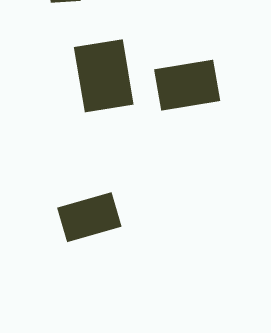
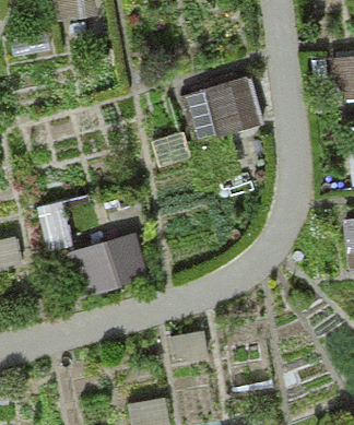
building: [73,39,134,113] -> none

